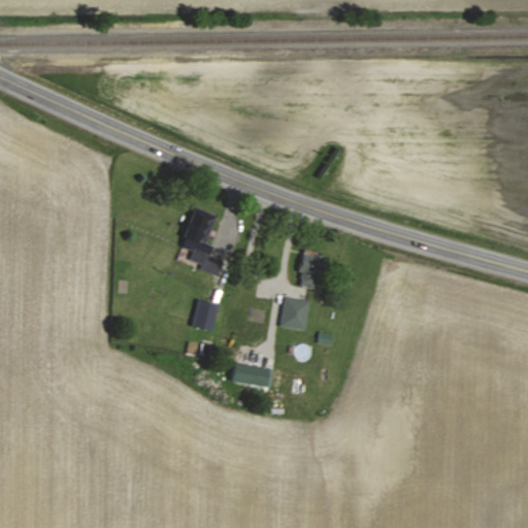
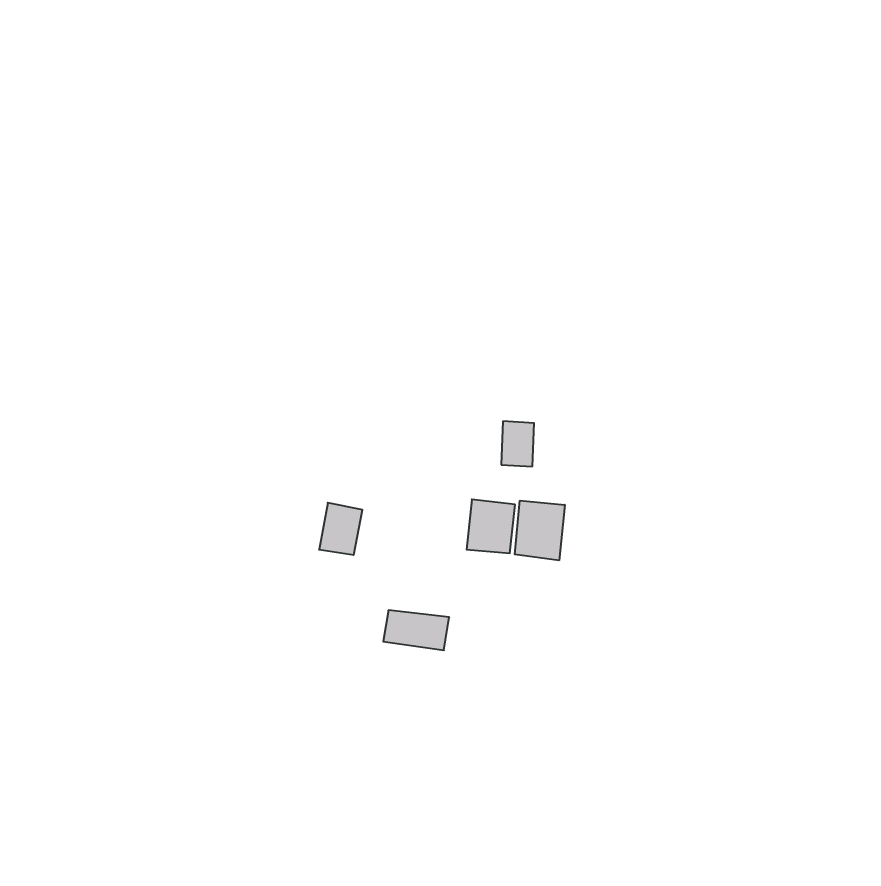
building: [180,212,223,272] -> none
building: none -> [515,501,565,560]

